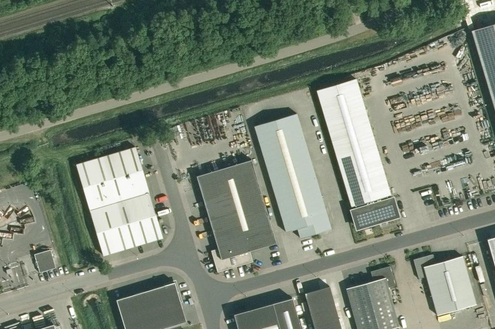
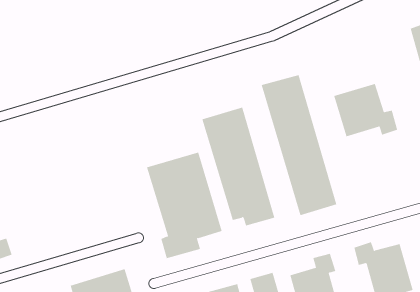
building: none -> [334,83,398,137]
building: [76,147,162,255] -> none

